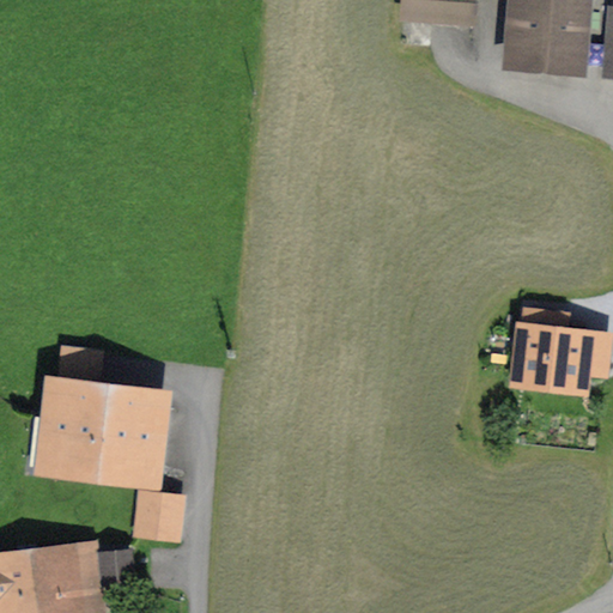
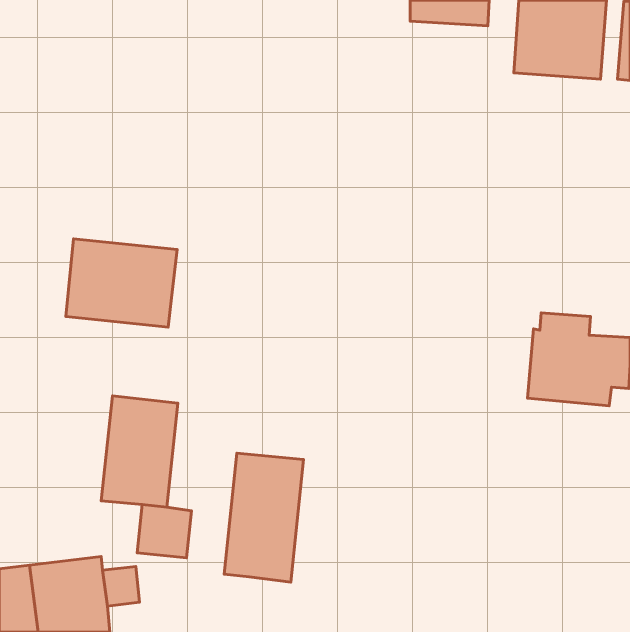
building: none -> [66,239,177,327]
building: [35,341,109,485] -> none
building: none -> [224,453,304,582]

